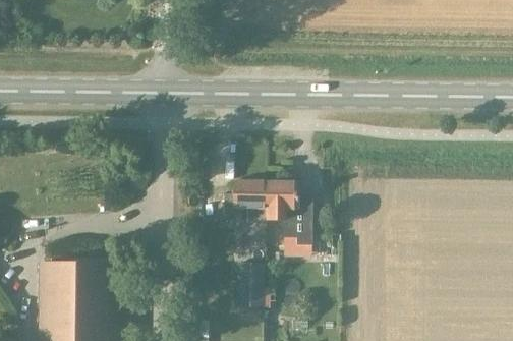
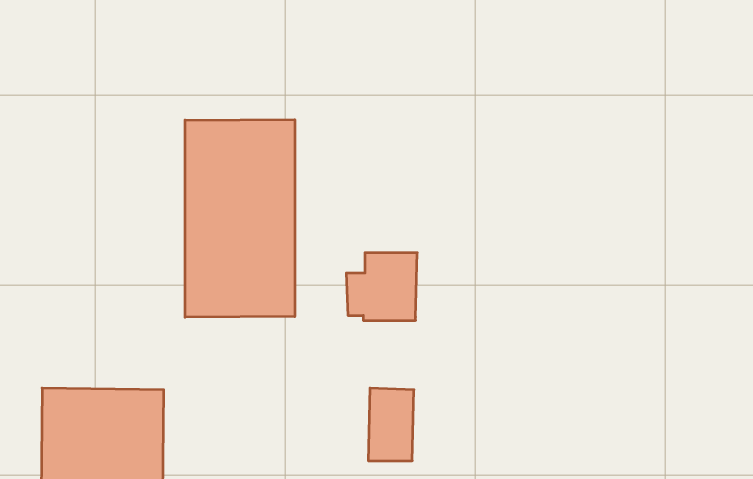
building: none -> [185,120,295,317]
building: [266,180,311,244] -> none

